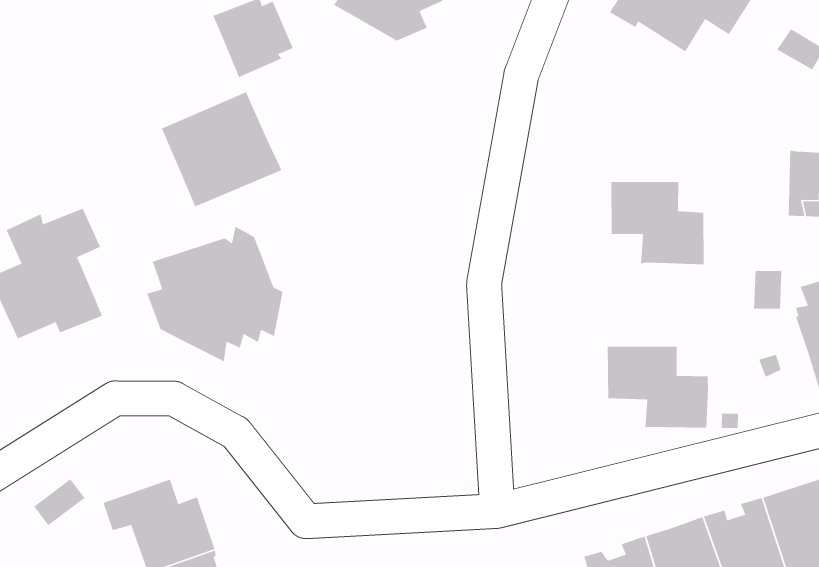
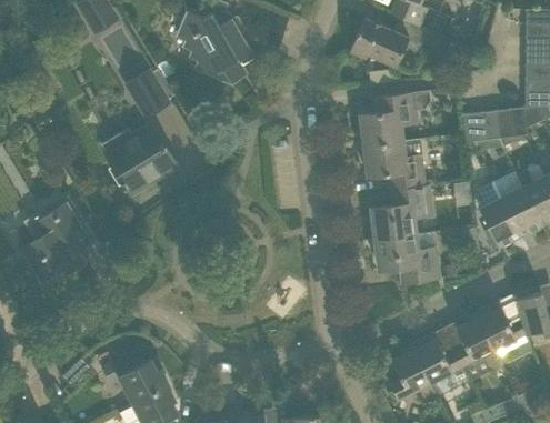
building: none -> [360,93,416,147]
building: [146,226,284,362] -> none
building: none -> [368,185,430,240]

